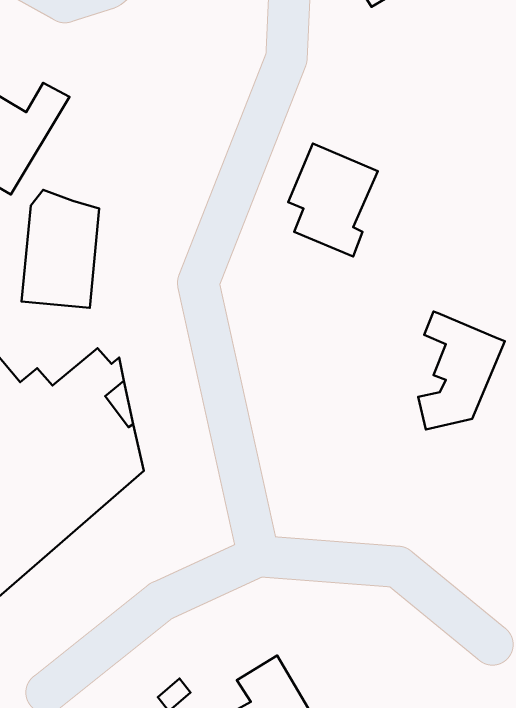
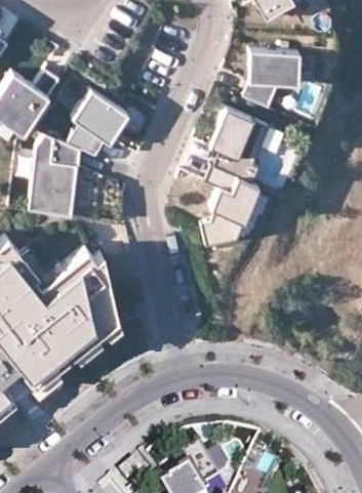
building: none -> [243,51,299,109]
building: none -> [68,91,129,157]
building: [418,312,505,430] -> [201,166,258,244]

